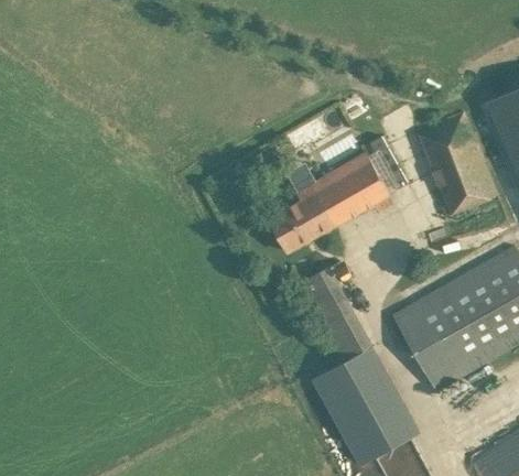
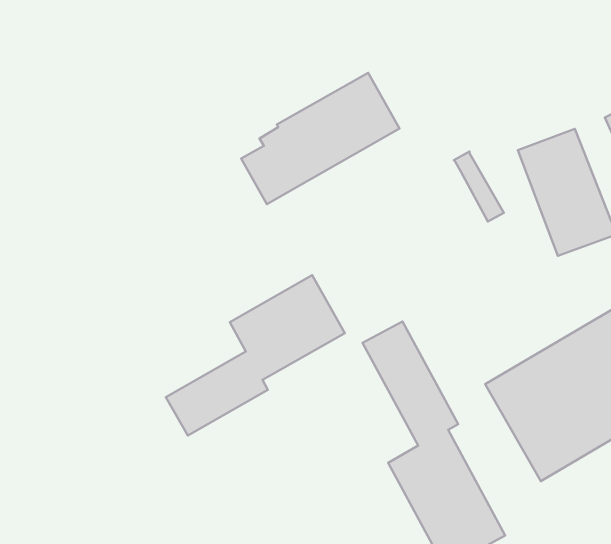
building: [269,153,391,255] -> [241,73,399,204]
building: none -> [166,275,345,435]

